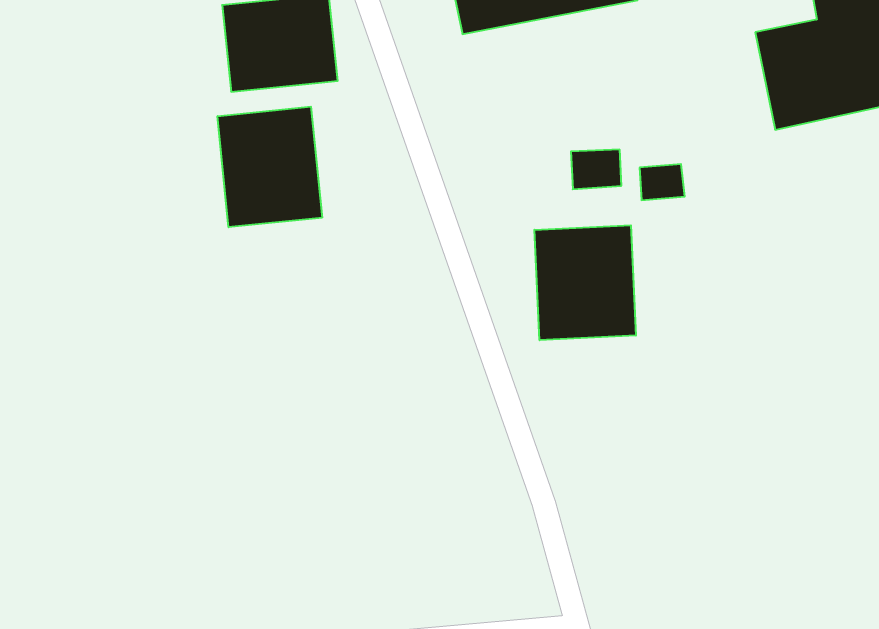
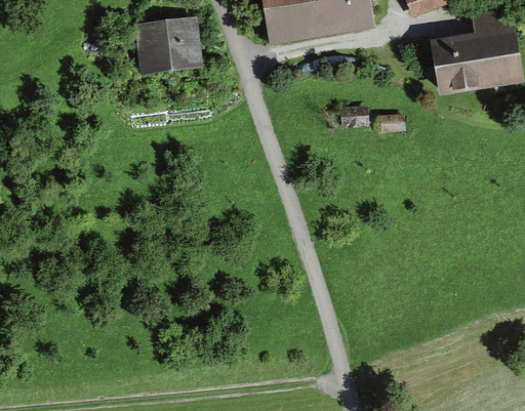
building: [218,107,322,227] -> none
building: [534,225,636,340] -> none

